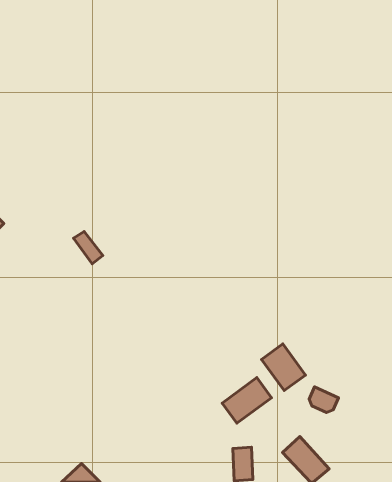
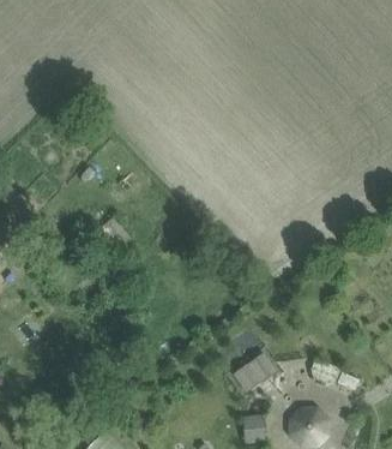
building: [262,344,305,390] -> none

